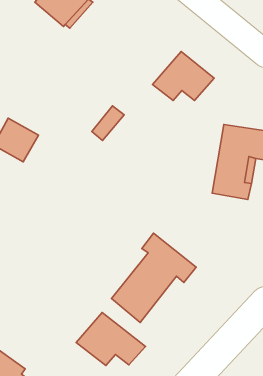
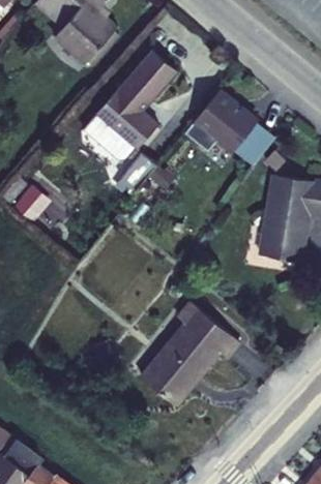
building: none -> [83,50,177,160]
building: none -> [237,123,280,164]
building: [76,312,145,366] -> none

